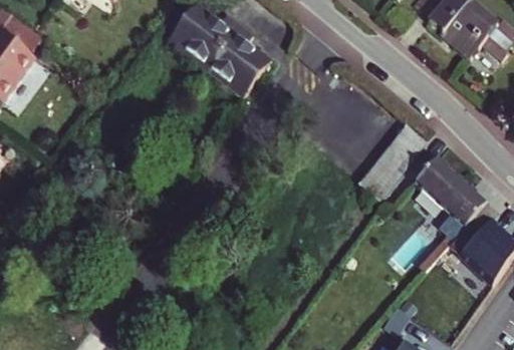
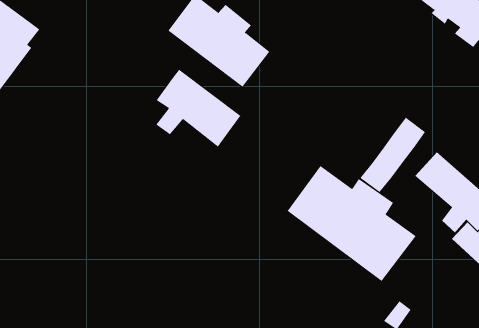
building: none -> [155,69,241,147]
building: none -> [287,165,417,282]

